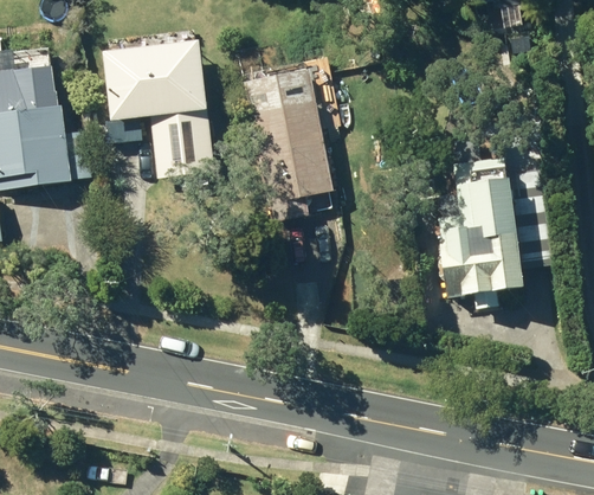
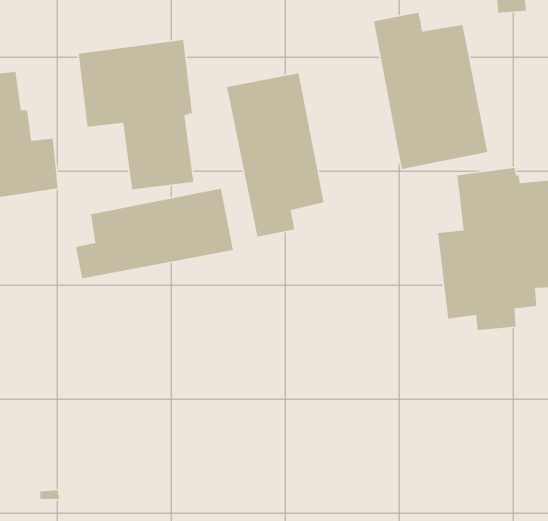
building: none -> [373,12,488,170]
building: none -> [75,188,234,279]

